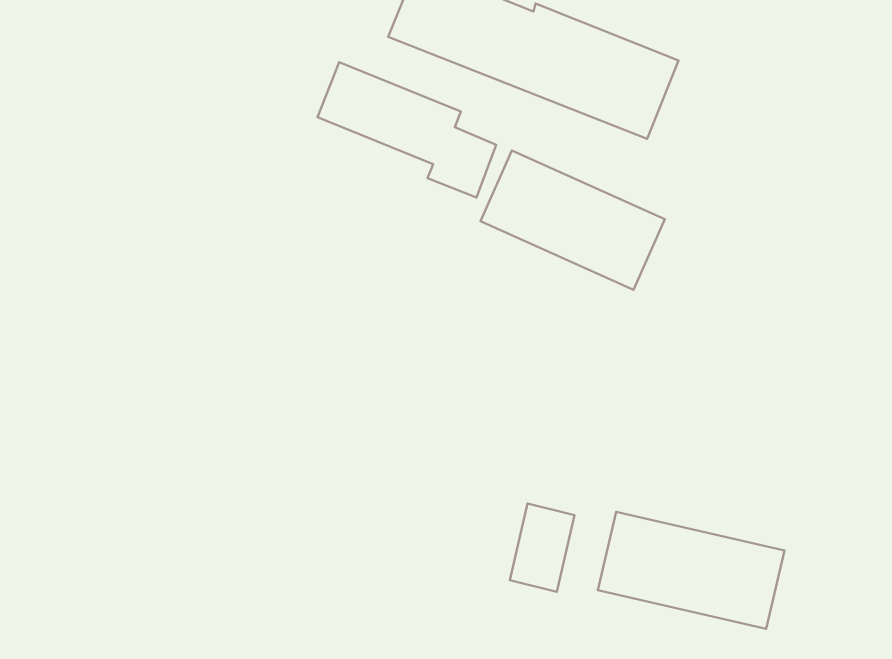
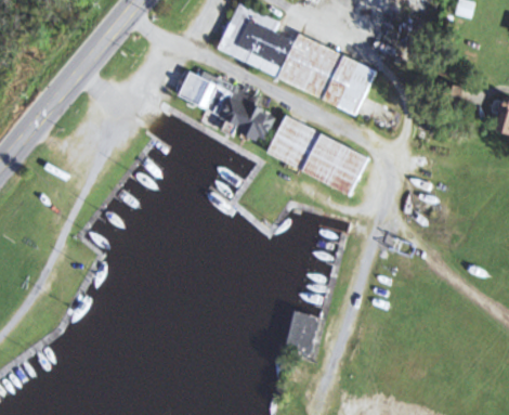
building: [598,512,784,629] -> none

